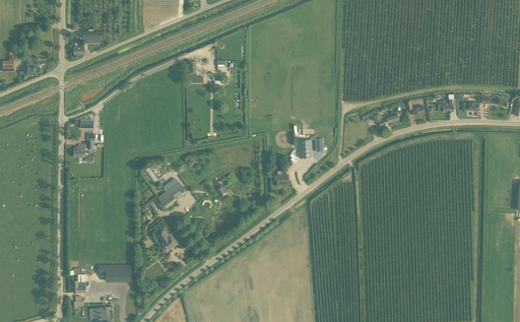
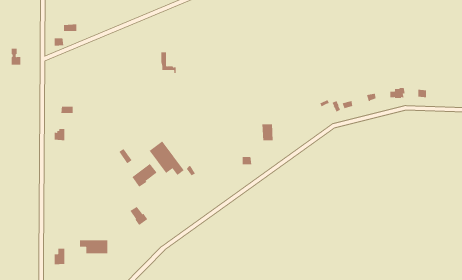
building: none -> [149,141,185,176]

